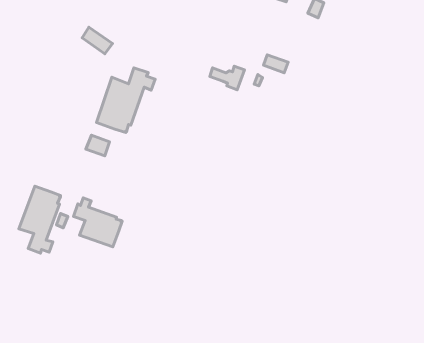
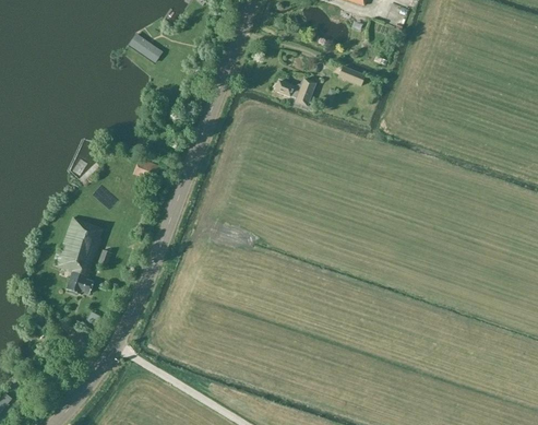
building: [97,68,155,133] -> none
building: [73,198,122,247] -> none

